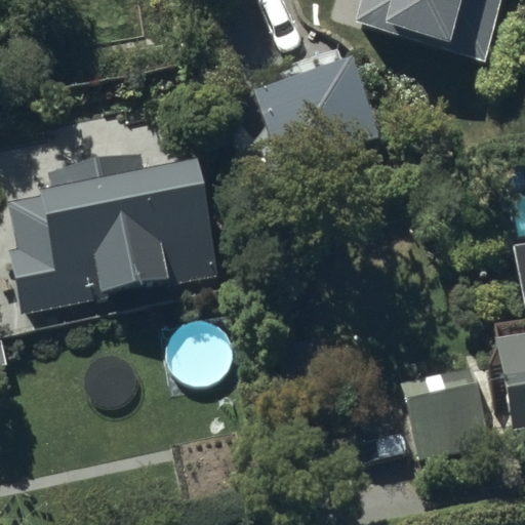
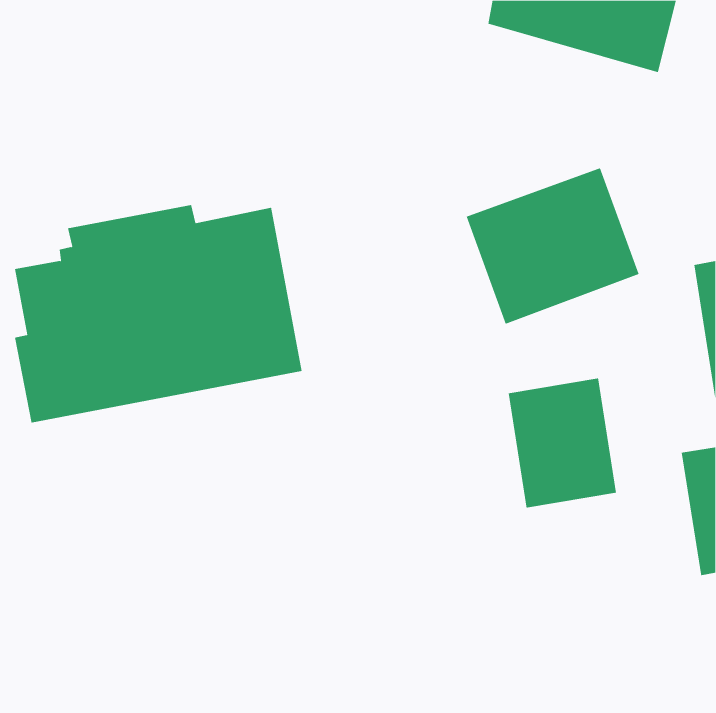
building: [253,50,380,165] -> [466,168,640,324]
building: [405,370,485,466] -> [508,378,617,508]

